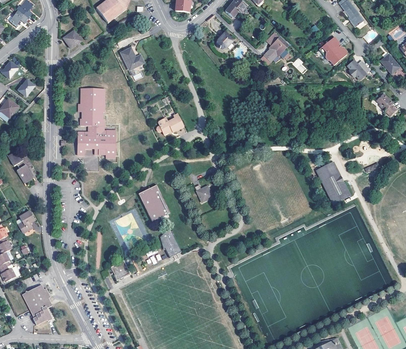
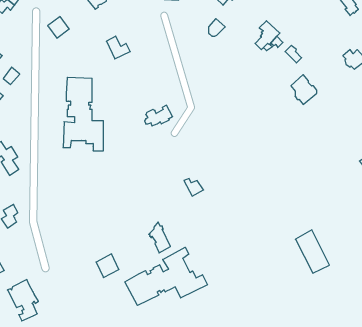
building: [322,36,347,65] -> [291,75,317,104]
building: [314,162,347,204] -> [295,230,329,273]
building: [138,185,170,221] -> none
building: none -> [125,247,207,305]

